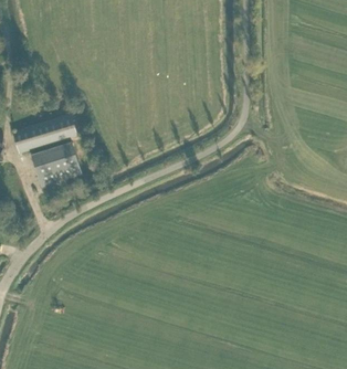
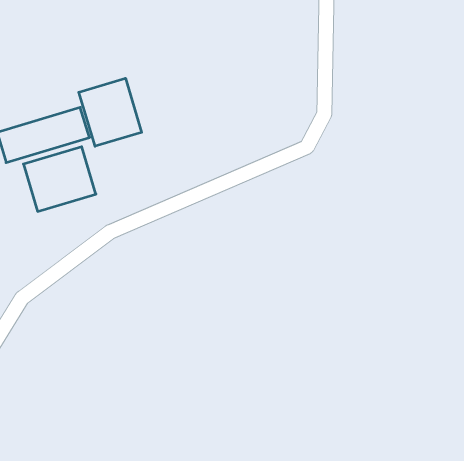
building: none -> [79,78,142,146]

